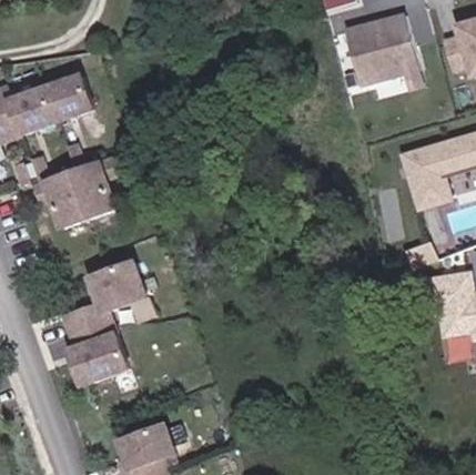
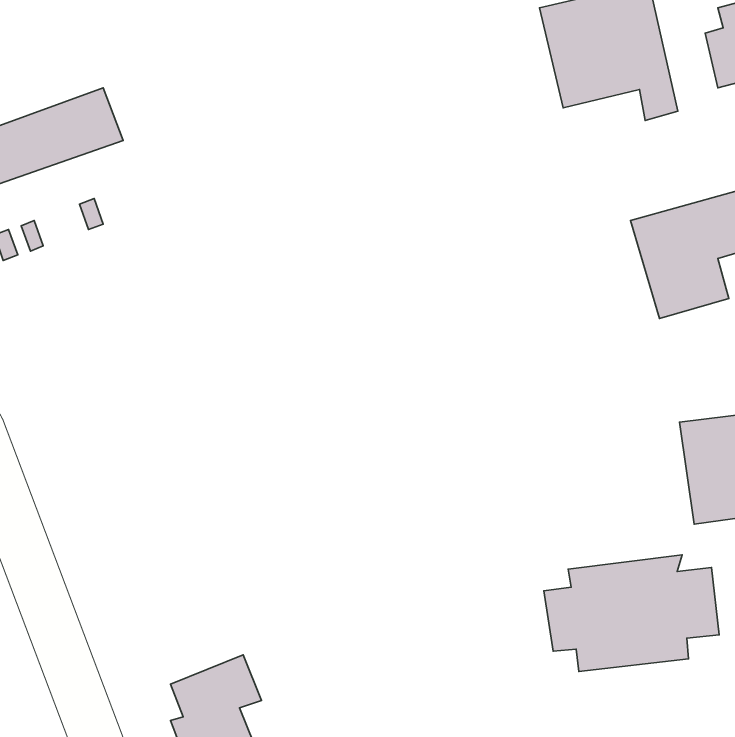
building: [30,155,112,224] -> none
building: [61,257,144,381] -> none
building: none -> [544,555,719,671]

